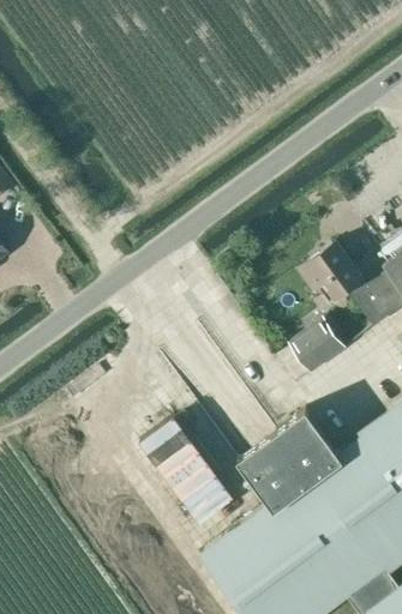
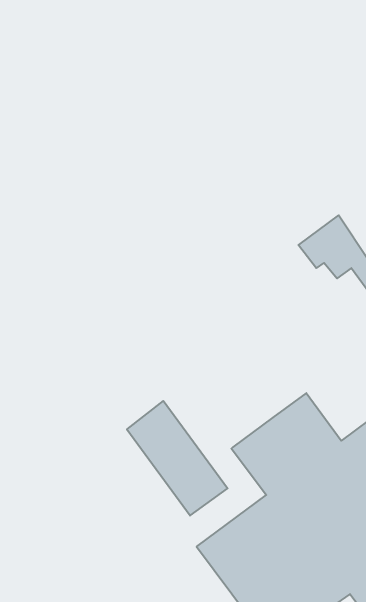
building: [289,326,344,373] -> none

